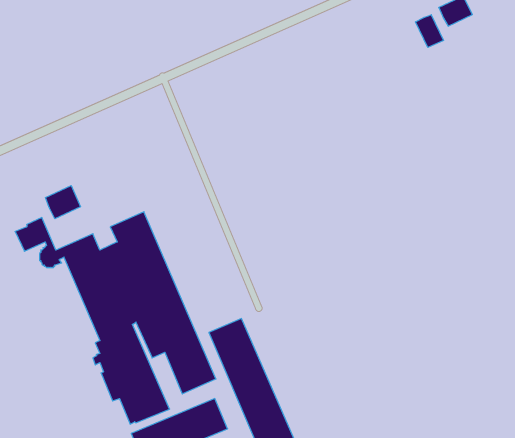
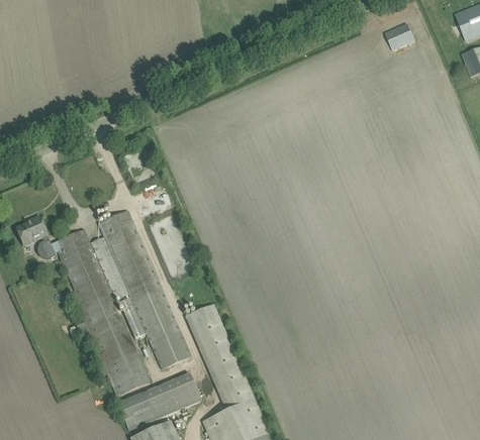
building: [416,15,443,47] -> none
building: [45,186,81,219] -> none

